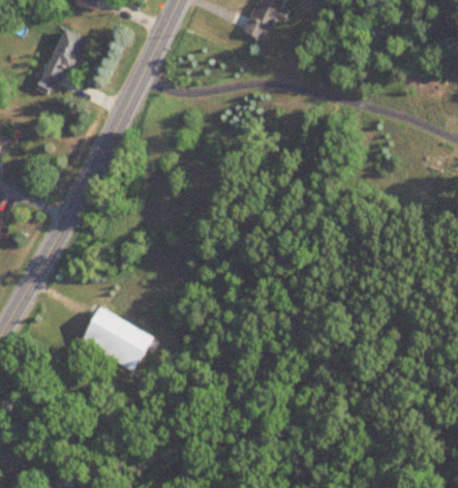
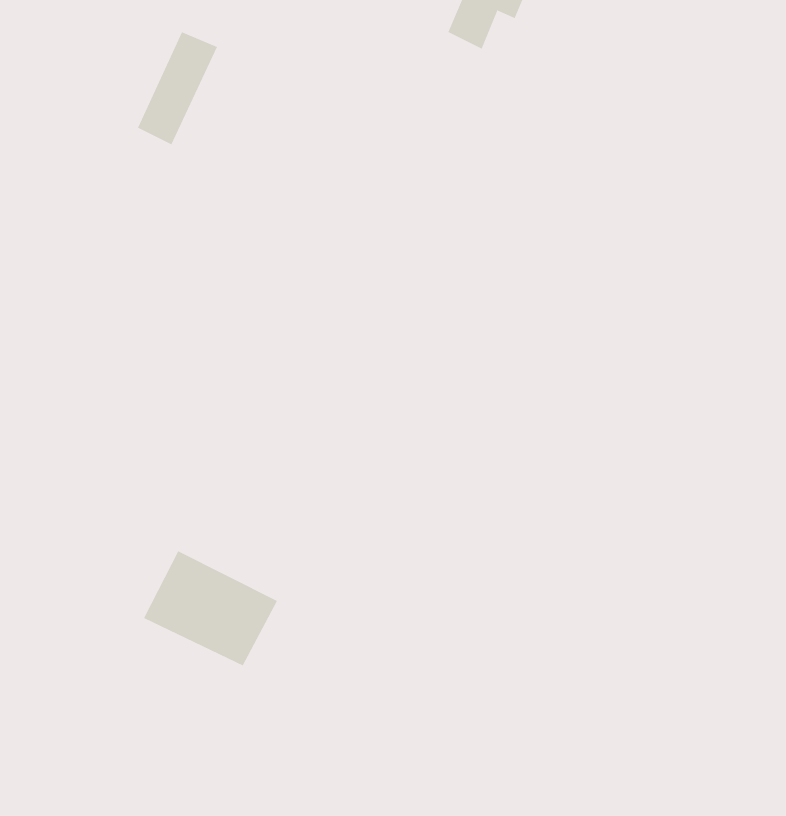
building: [38,27,82,88] -> [137,31,218,145]

